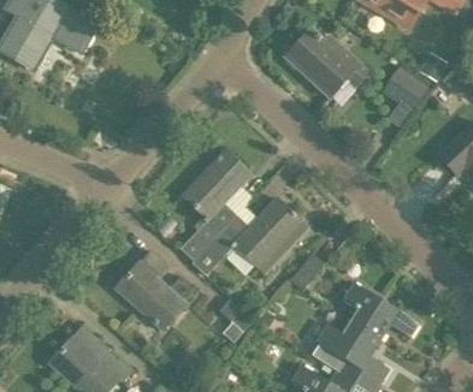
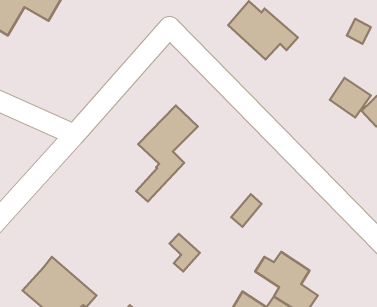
building: [380,66,427,112] -> [330,78,371,118]
building: [193,198,301,274] -> none
building: [116,249,194,329] -> none
building: [343,281,419,340] -> none

